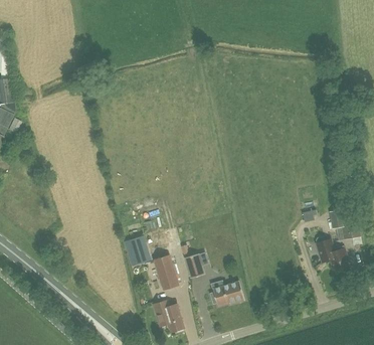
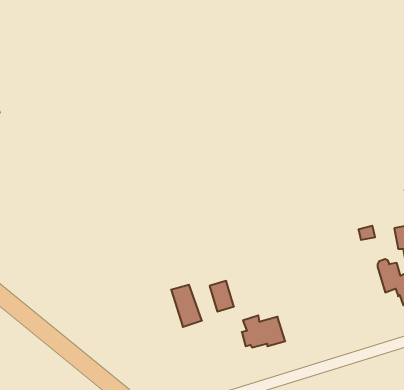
building: [125,235,152,266] -> none
building: [154,300,184,331] -> none

